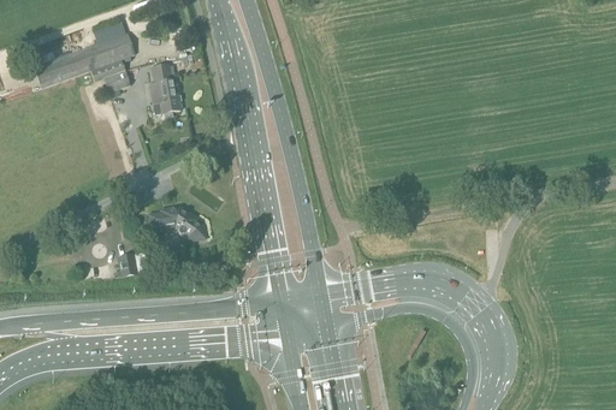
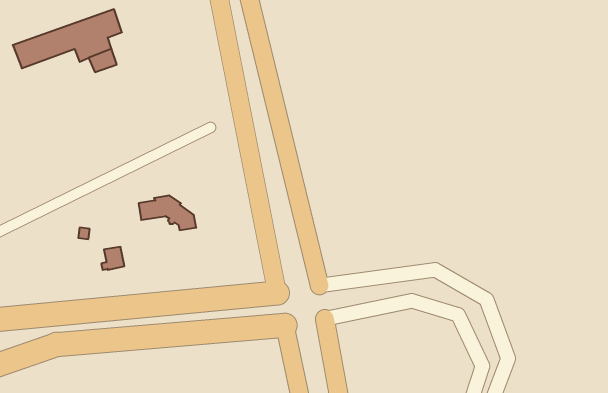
building: [149,63,180,112] -> none

